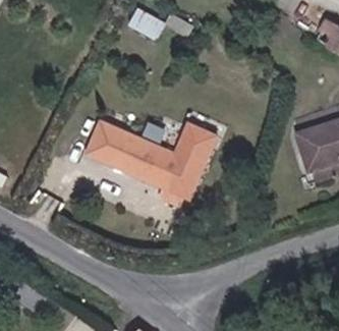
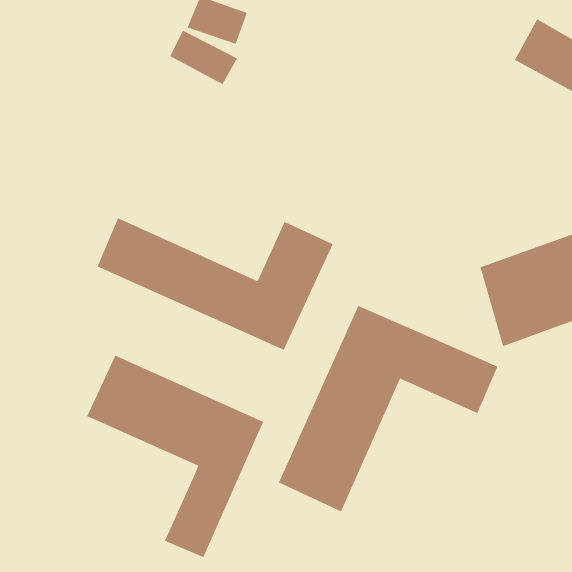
building: none -> [278,305,498,513]
building: none -> [86,355,264,558]

